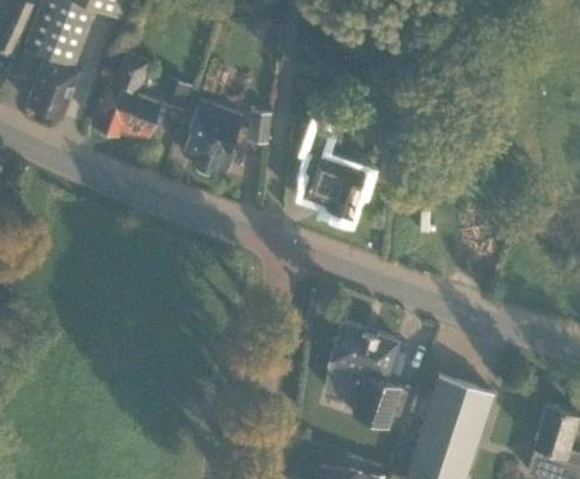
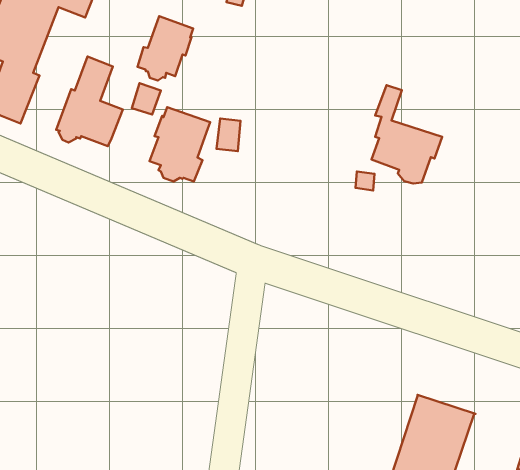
building: none -> [137,16,193,80]
building: [302,125,369,219] -> [371,85,442,184]
building: [325,324,407,427] -> none

